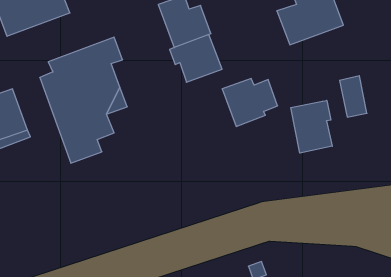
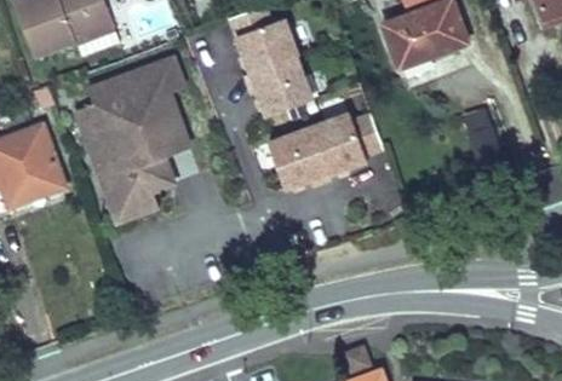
building: none -> [269,123,331,185]
building: [291,100,332,153] -> none

